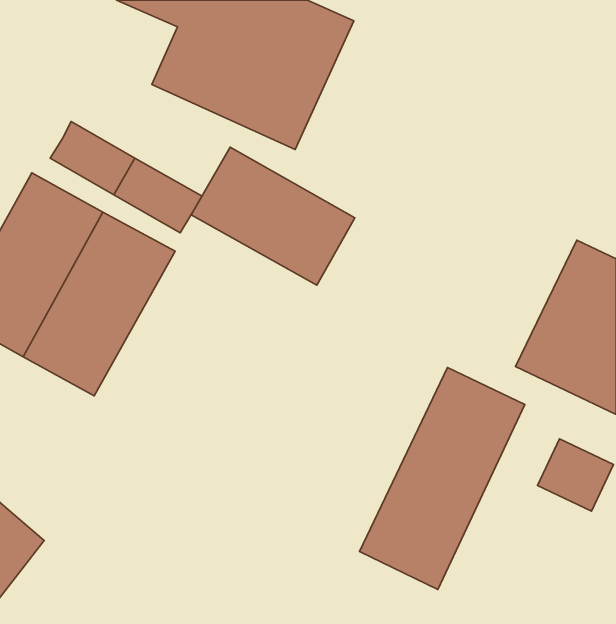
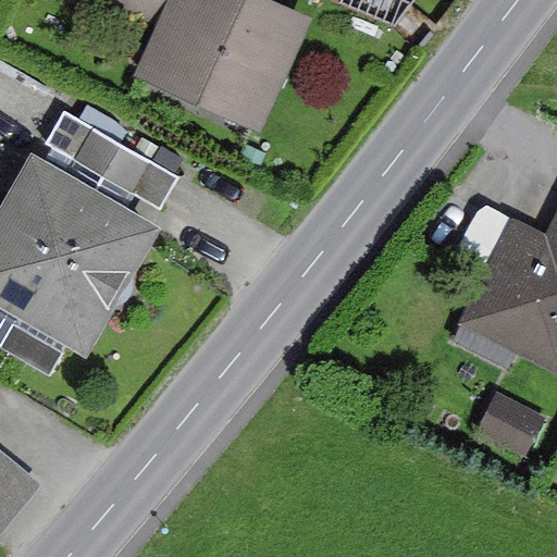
building: [191,147,355,285] -> none
building: [360,368,525,590] -> none

